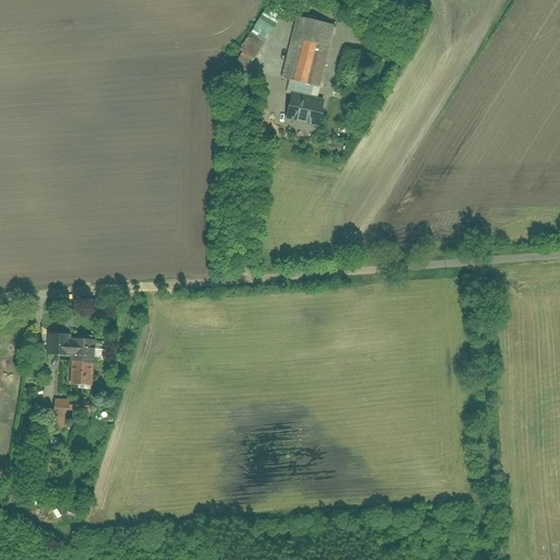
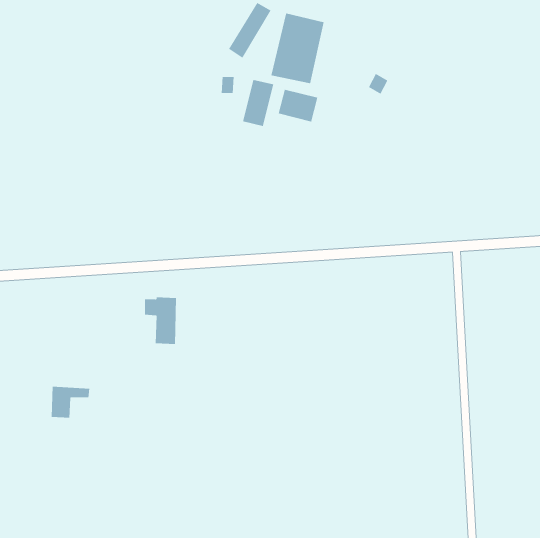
building: none -> [243,79,274,127]
building: [60,336,94,385] -> [144,297,177,345]

